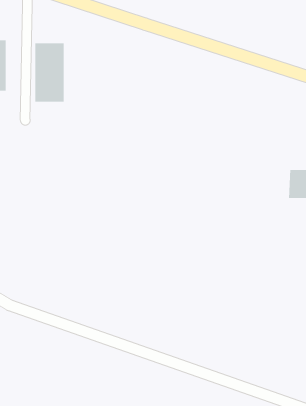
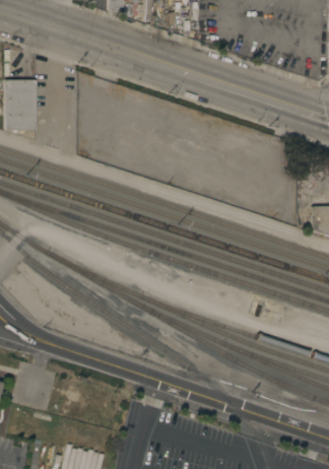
building: [35,43,64,103] -> none

